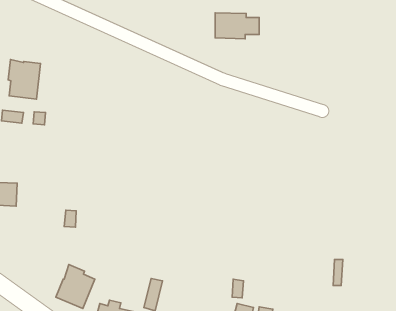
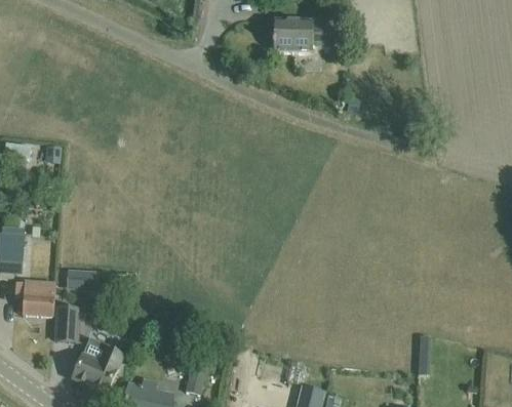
building: [8,59,40,99] -> none
building: none -> [14,281,56,316]
building: none -> [56,308,79,341]

